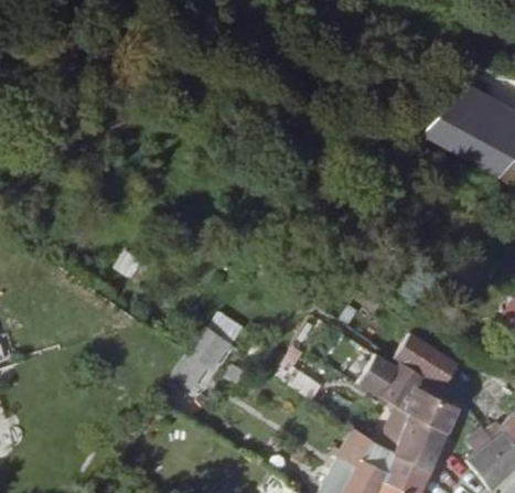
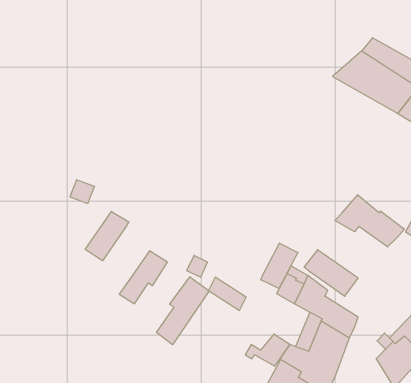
building: none -> [335,195,405,247]
building: none -> [85,211,129,261]
building: none -> [261,243,298,288]
building: none -> [156,277,209,345]

